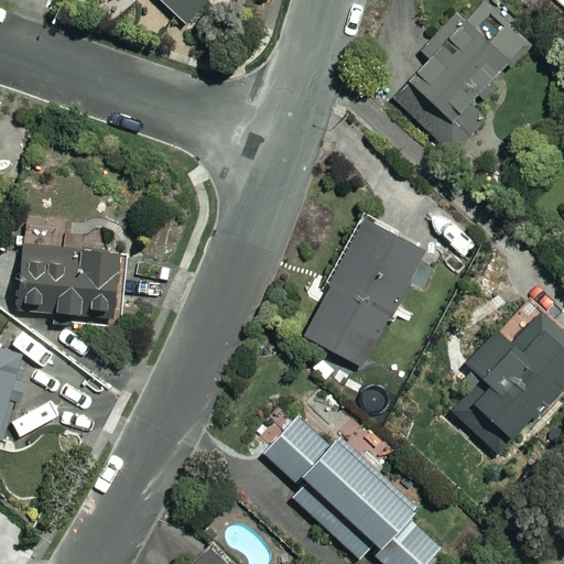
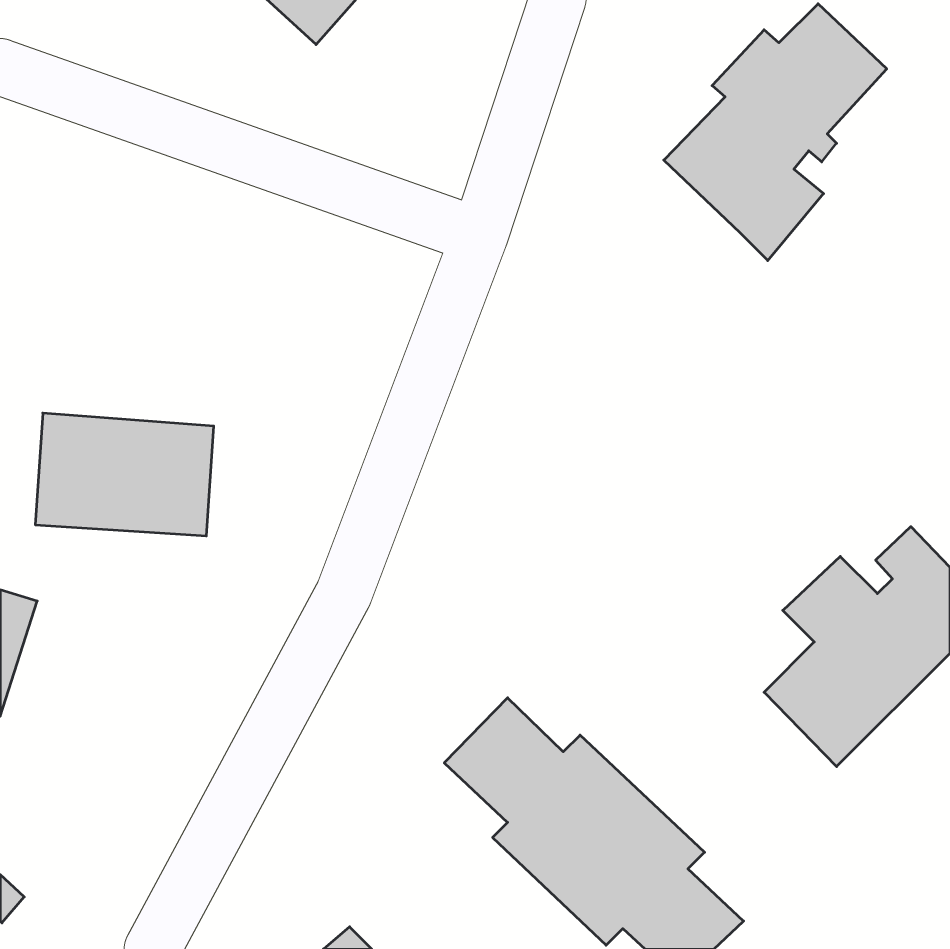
building: [305,219,421,366] -> none

